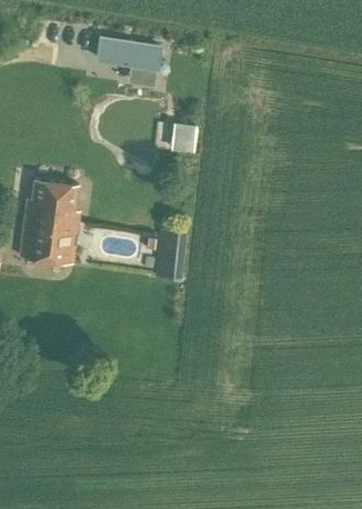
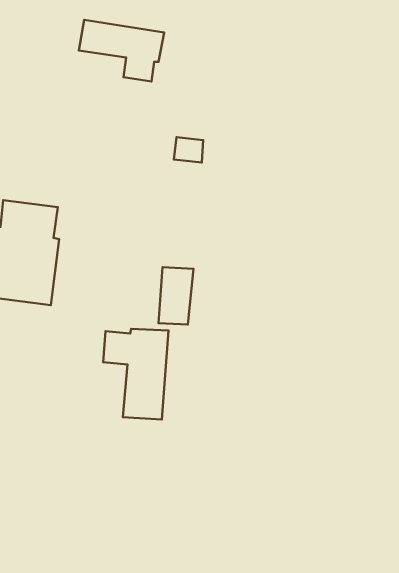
building: none -> [103,329,168,419]

